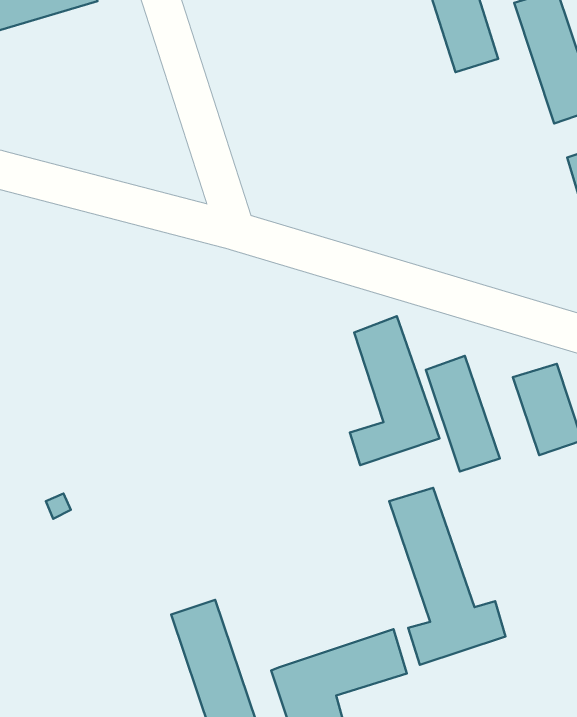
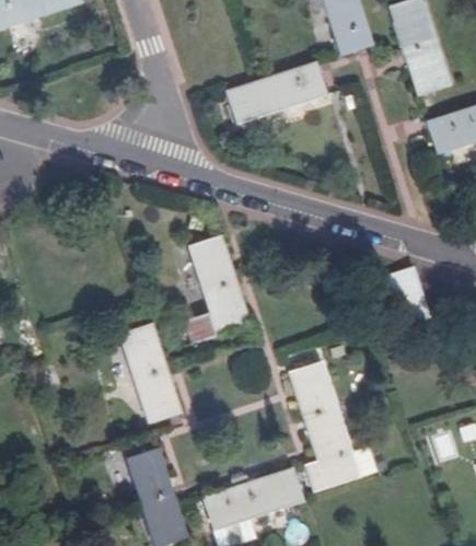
building: none -> [221,62,323,124]
building: [350,316,440,465] -> [182,235,248,346]
building: [426,356,500,472] -> none
building: none -> [125,322,186,420]

